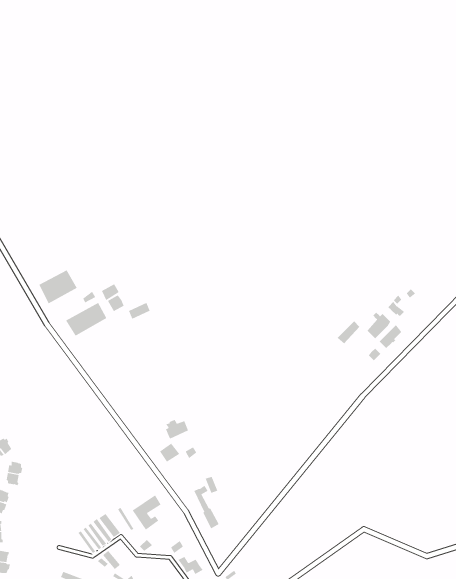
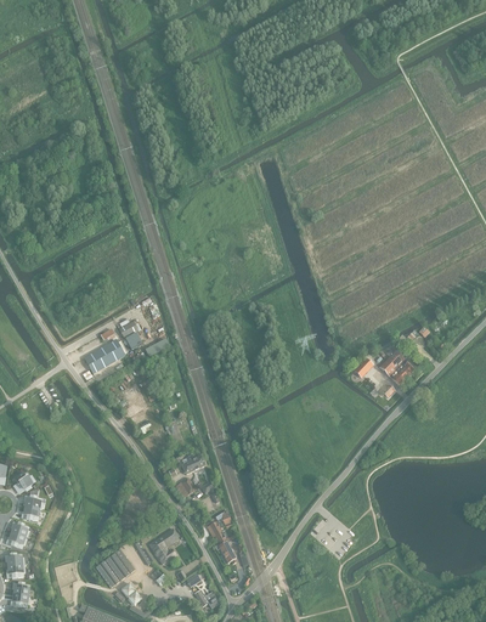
building: [38,269,77,304] -> none

